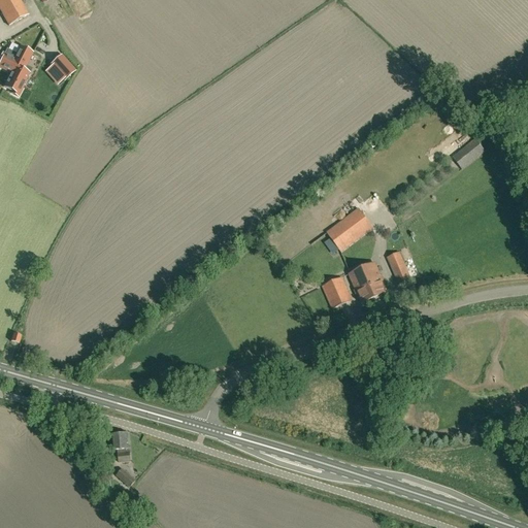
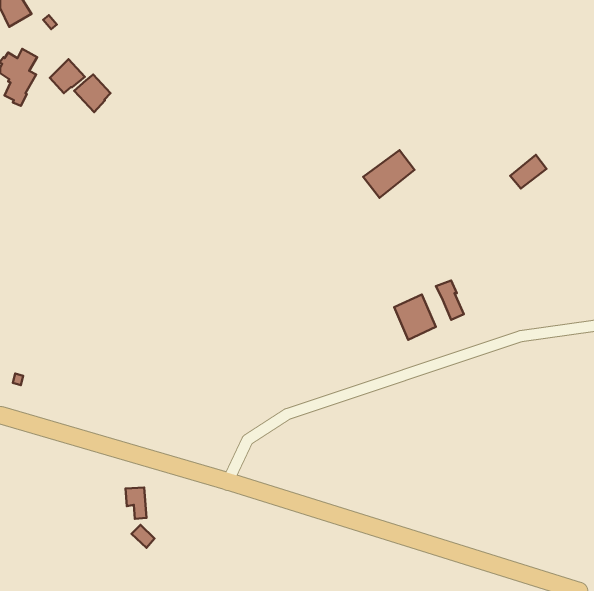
building: none -> [74,75,110,112]
building: [327,207,372,250] -> [363,150,414,198]
building: [323,275,352,306] -> none

